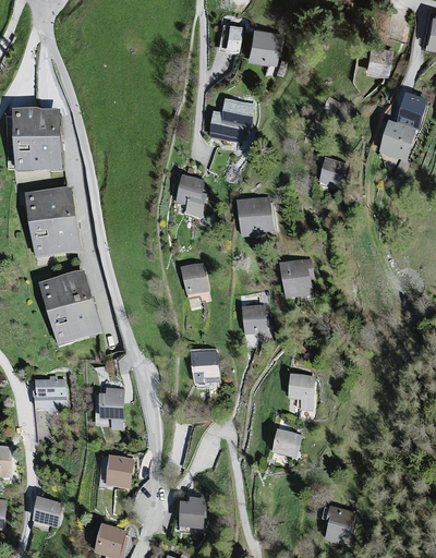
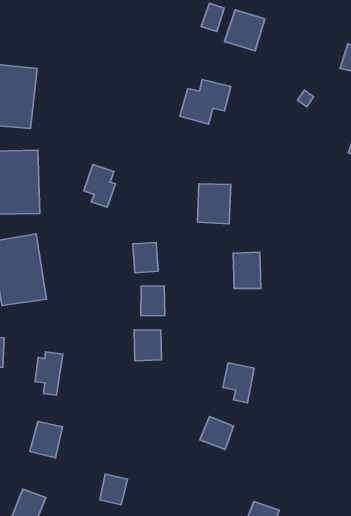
building: [319,158,349,186] -> none
building: [177,177,207,217] -> [84,165,116,207]
building: [241,304,268,337] -> [141,286,165,316]

